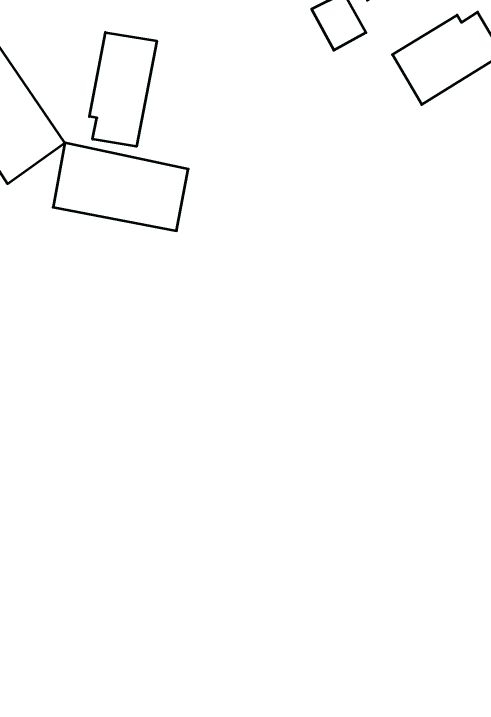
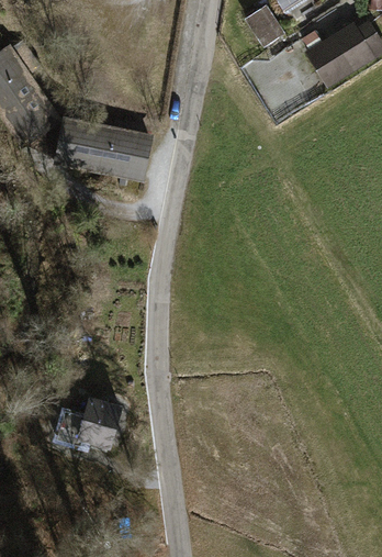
building: [89,32,157,146] -> none
building: none -> [52,396,124,455]

